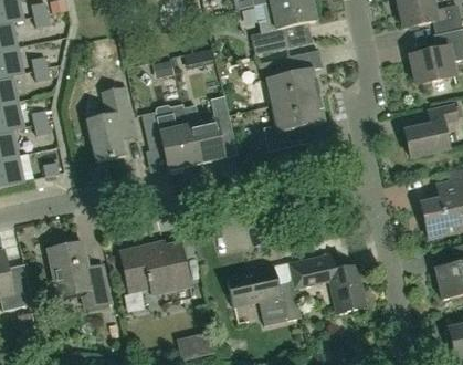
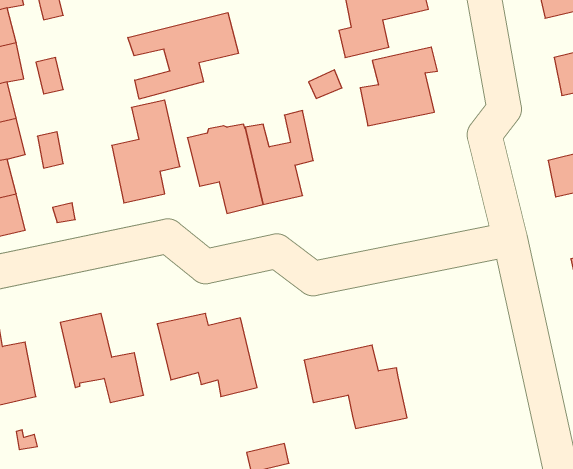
building: none -> [128,13,238,99]
building: [264,95,327,150] -> none
building: [290,252,369,314] -> none

